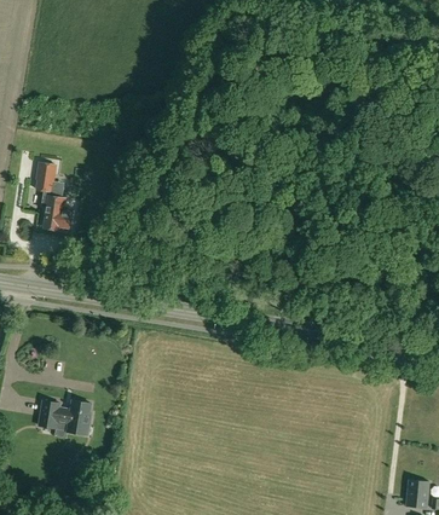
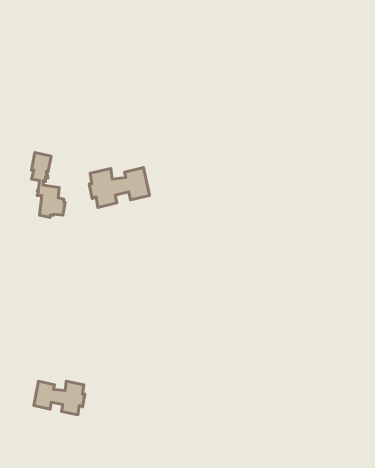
building: none -> [89,168,149,208]

